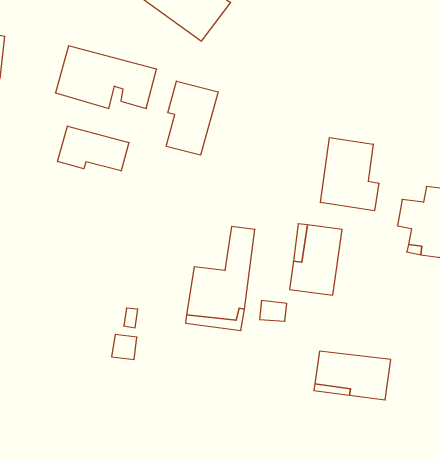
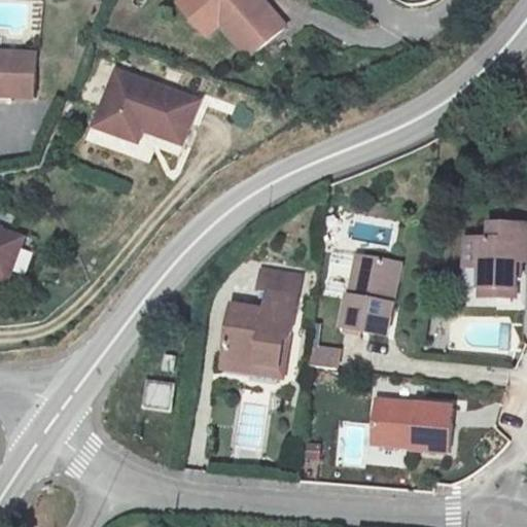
building: [166,81,218,155] -> none
building: [58,126,129,171] -> none
building: [320,138,379,211] -> none

